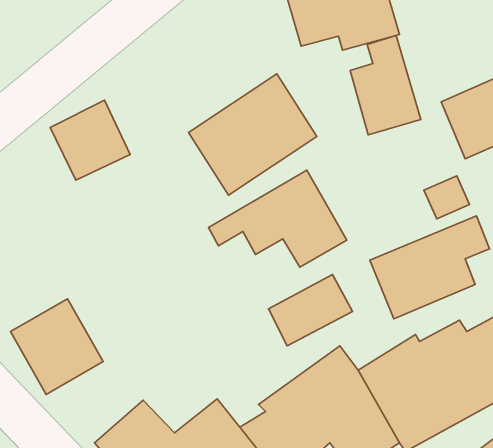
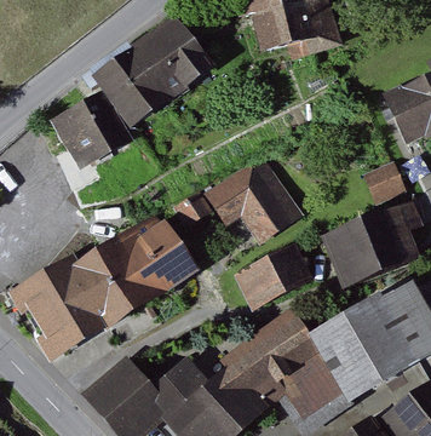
building: [350,36,421,135] -> none
building: [189,74,317,195] -> [93,25,202,128]
building: none -> [63,212,197,331]

